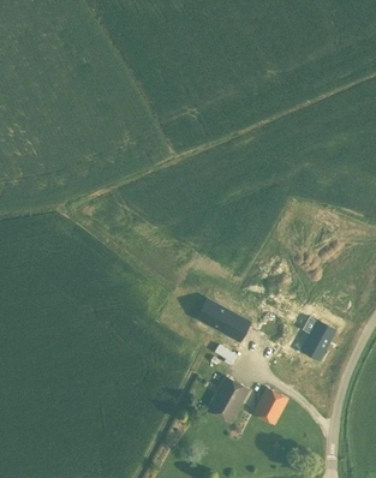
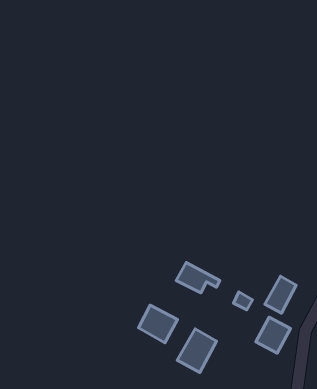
building: none -> [138,305,178,343]
building: [251,386,288,424] -> [256,317,290,353]

